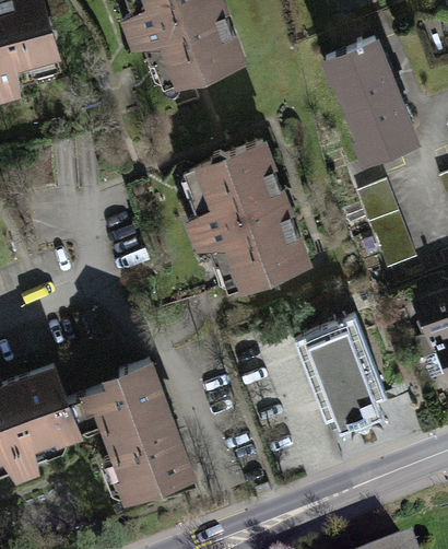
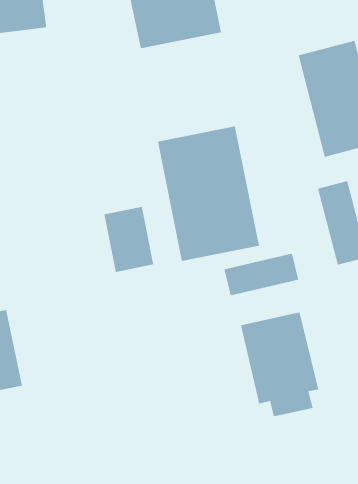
building: none -> [104,206,154,273]
building: none -> [224,253,299,296]
building: [86,359,192,499] -> none

